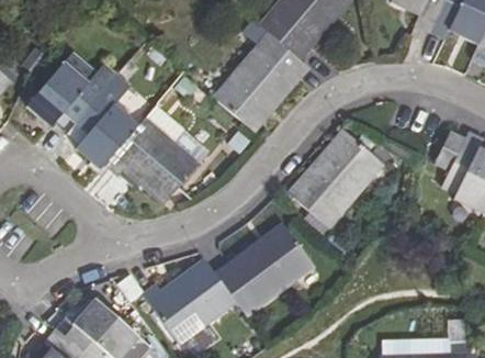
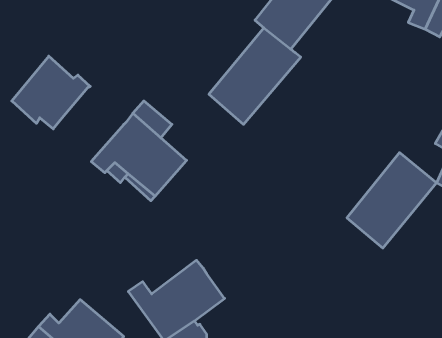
building: [67,90,138,168] -> none
building: [295,127,383,221] -> [347,153,436,248]
building: [217,225,311,310] -> none

